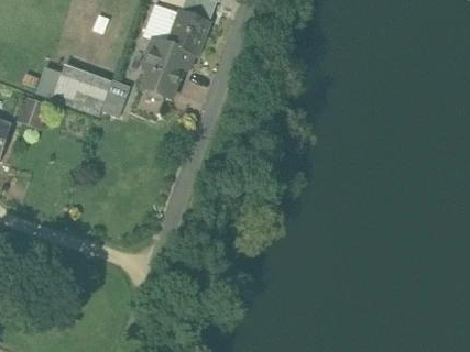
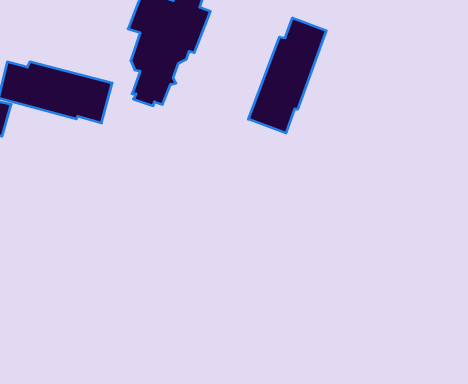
building: none -> [248,18,326,133]

